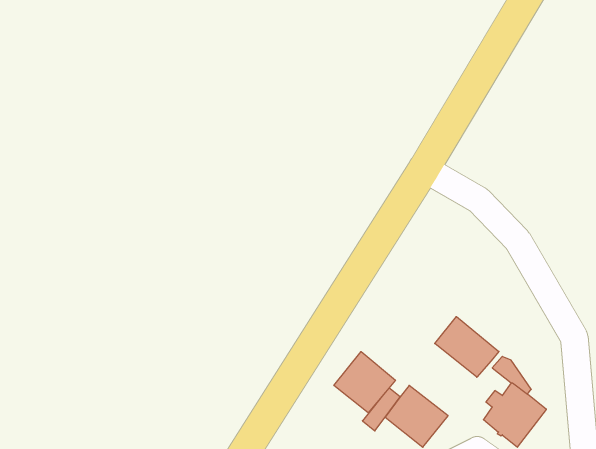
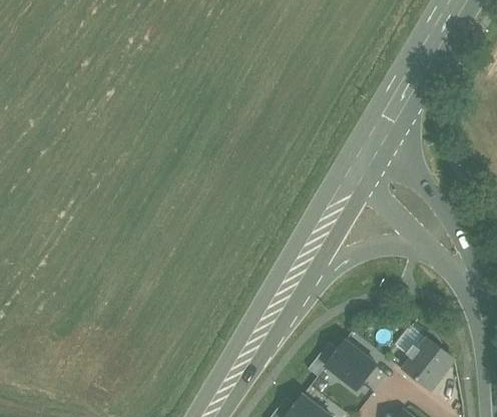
building: [435,317,499,377] -> none
building: [334,352,395,413] -> none

